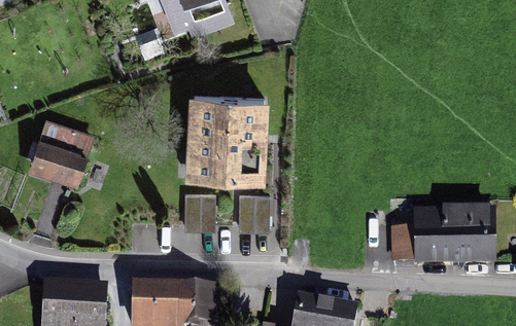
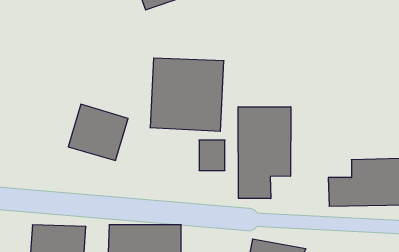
building: [25,128,94,192] -> [68,104,128,160]
building: none -> [238,107,291,199]
building: [182,192,212,227] -> none

